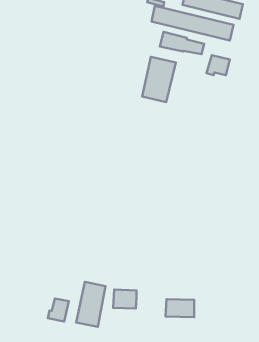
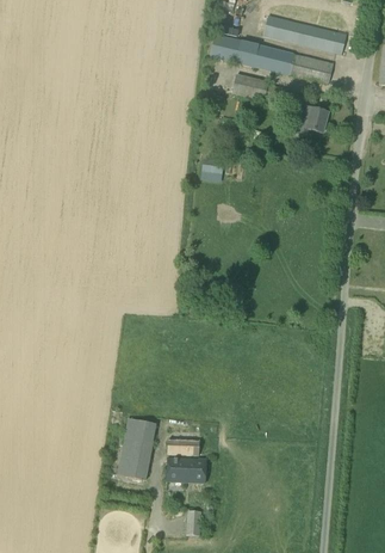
building: [142,57,176,102] -> none
building: [48,298,69,321] -> none
building: [166,299,194,317] -> [166,456,205,481]

